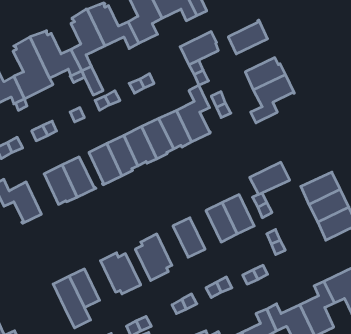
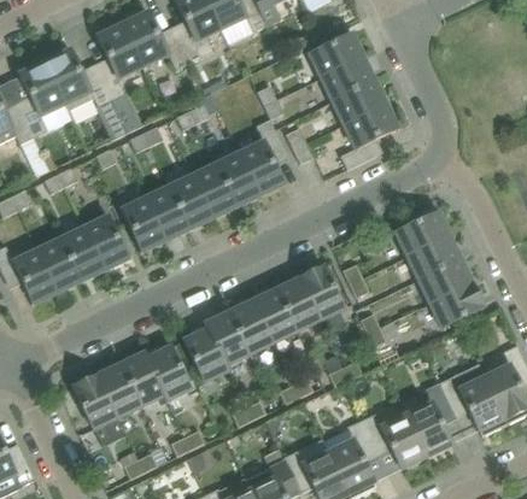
building: [180,32,218,65] -> [321,55,373,100]
building: [250,162,290,194] -> [396,211,450,254]
building: none -> [37,237,81,292]
building: none -> [258,287,300,339]
building: none -> [213,307,256,360]
building: none -> [116,354,158,407]

